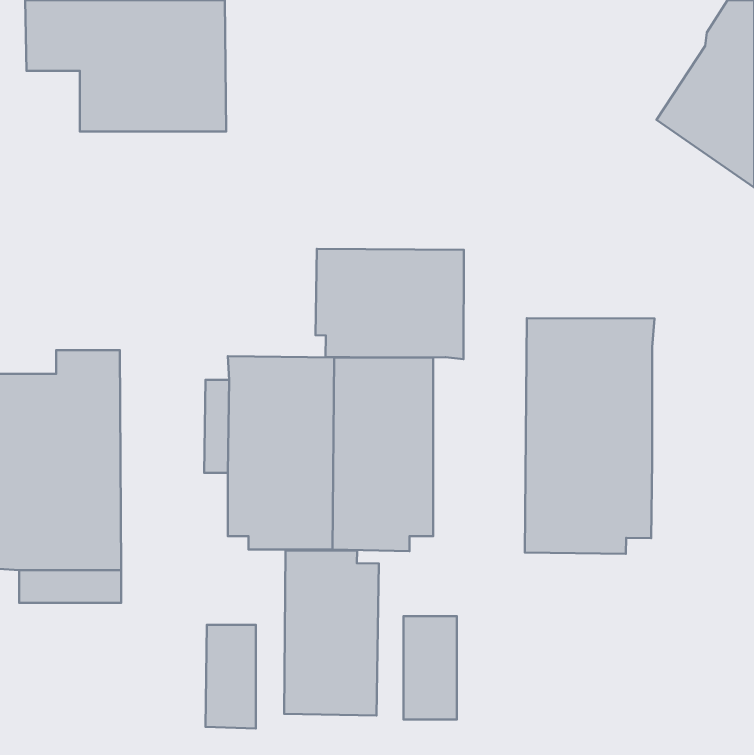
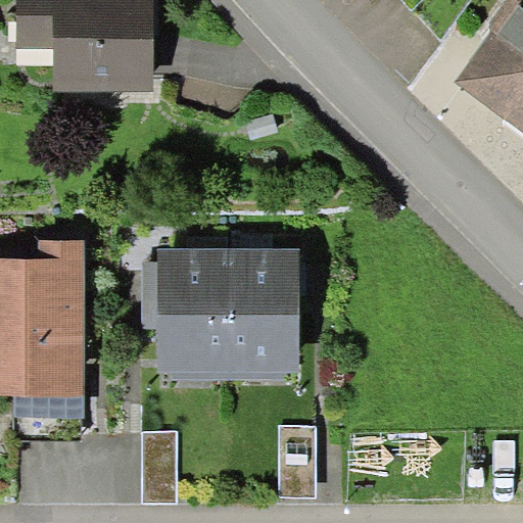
building: [316,249,464,359] -> none
building: [525,318,654,554] -> none
building: [284,551,379,715] -> none

